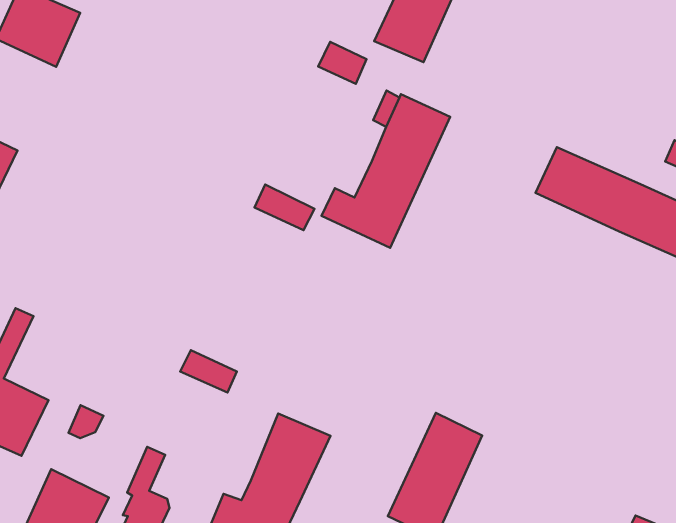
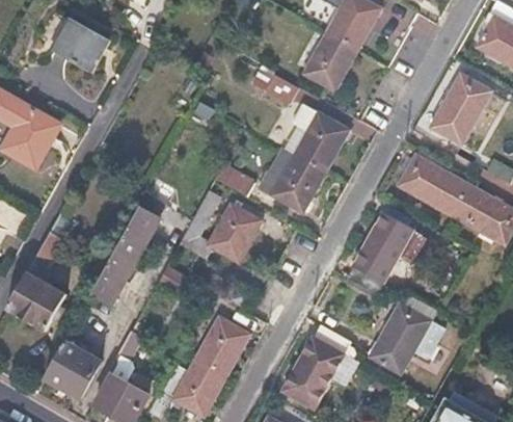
building: none -> [431,73,490,142]
building: none -> [177,191,259,261]
building: none -> [347,211,413,294]
building: none -> [91,207,161,304]
building: none -> [371,304,446,374]

